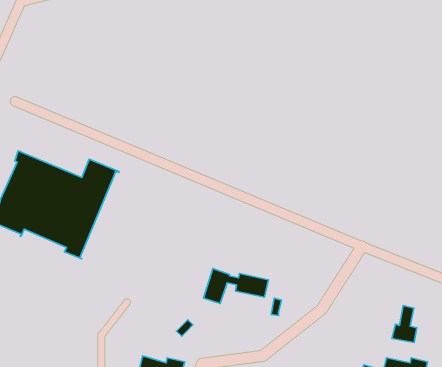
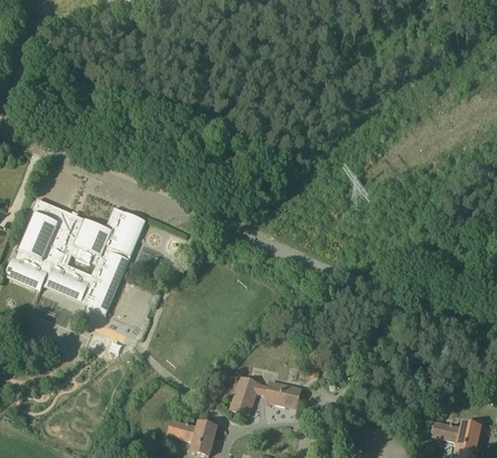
building: [204,268,268,303] -> [231,377,301,415]
building: [392,306,417,342] -> none

